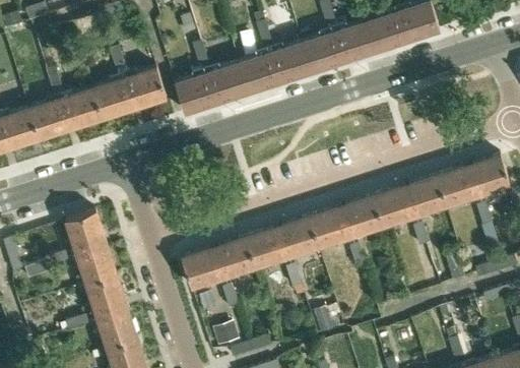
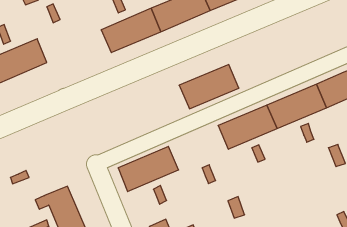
building: [94,68,167,118] -> none
building: [66,209,116,284] -> none
building: [246,216,320,266] -> [179,65,239,109]

